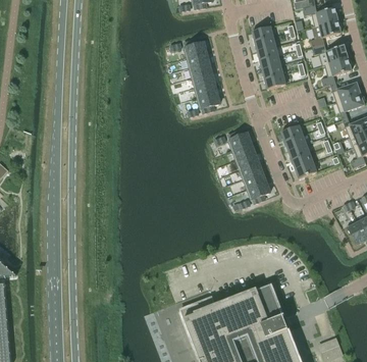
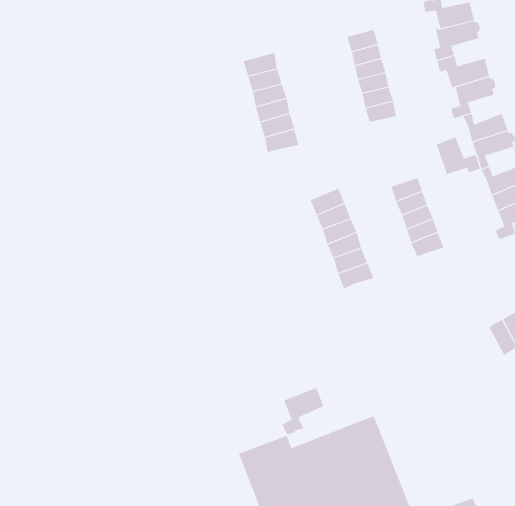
building: none -> [436,136,481,175]
building: none -> [282,387,324,435]

